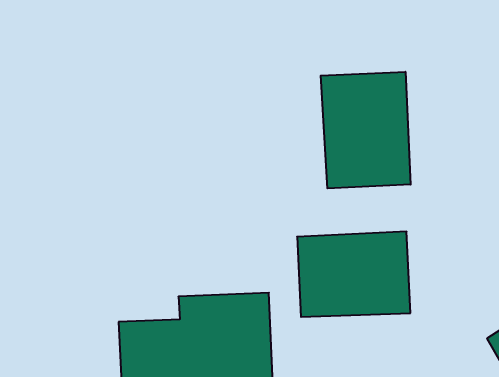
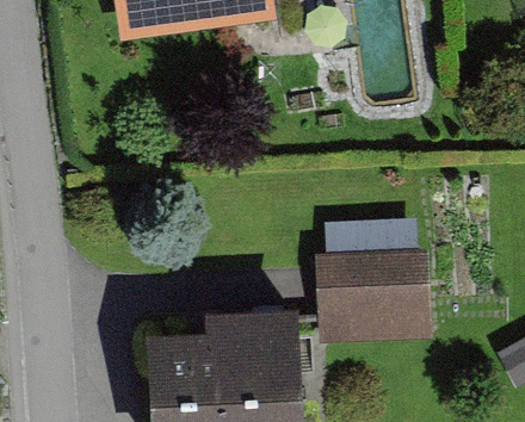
building: [321,72,411,188] -> none

